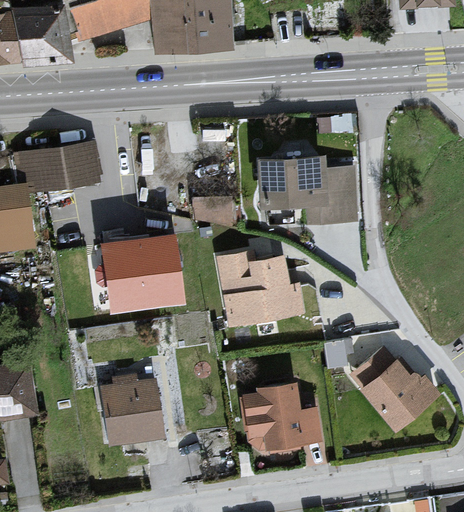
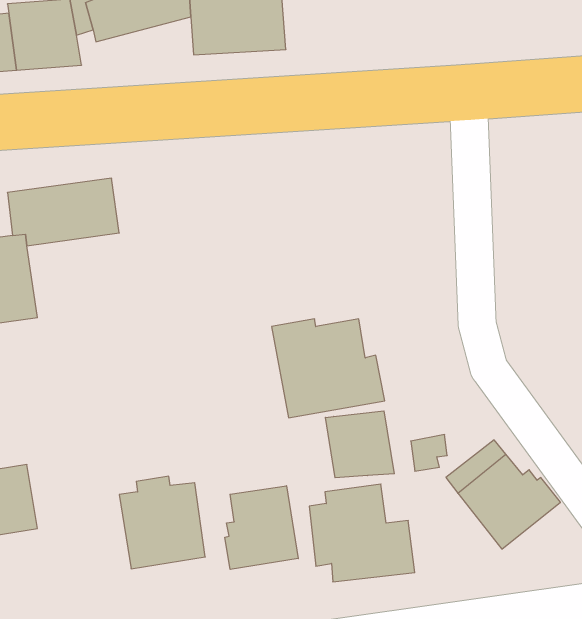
building: [256,156,356,225] -> none
building: [102,231,184,305] -> none
building: none -> [325,411,394,478]
building: none -> [225,486,298,569]

